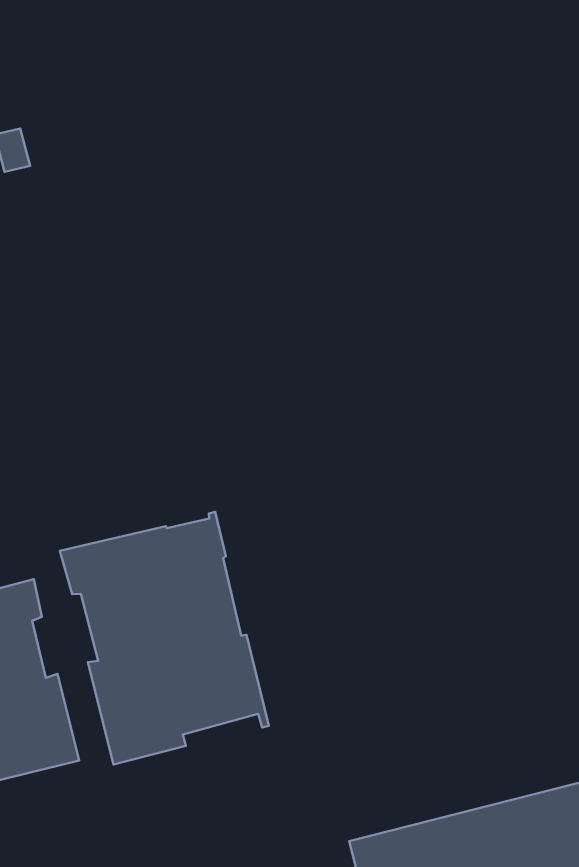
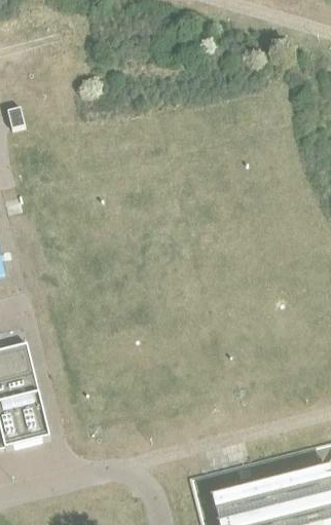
building: [60,512,269,765] -> none

